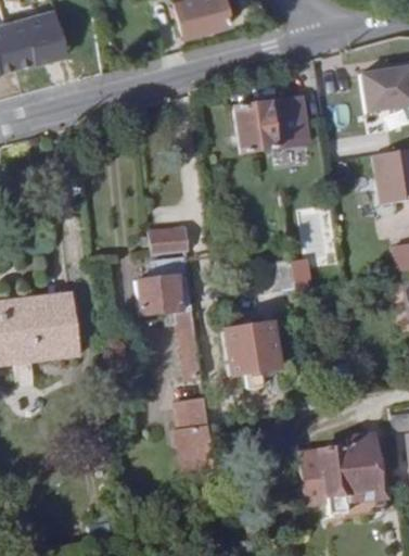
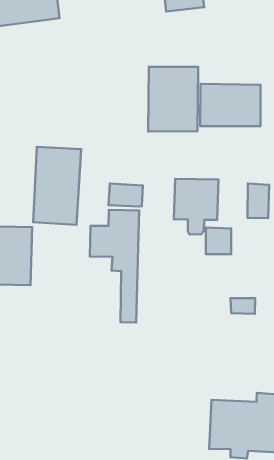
building: none -> [148,67,198,131]
building: none -> [33,147,81,225]
building: [226,323,279,388] -> [174,179,218,234]
building: [172,395,216,471] -> none

